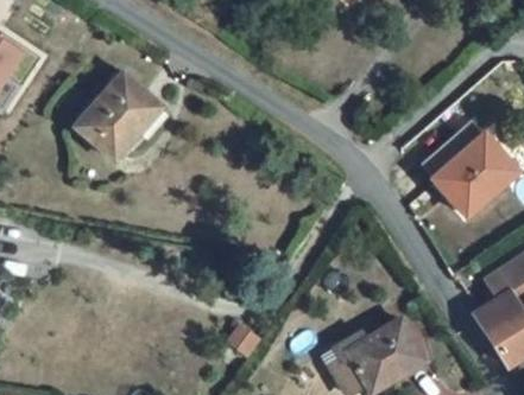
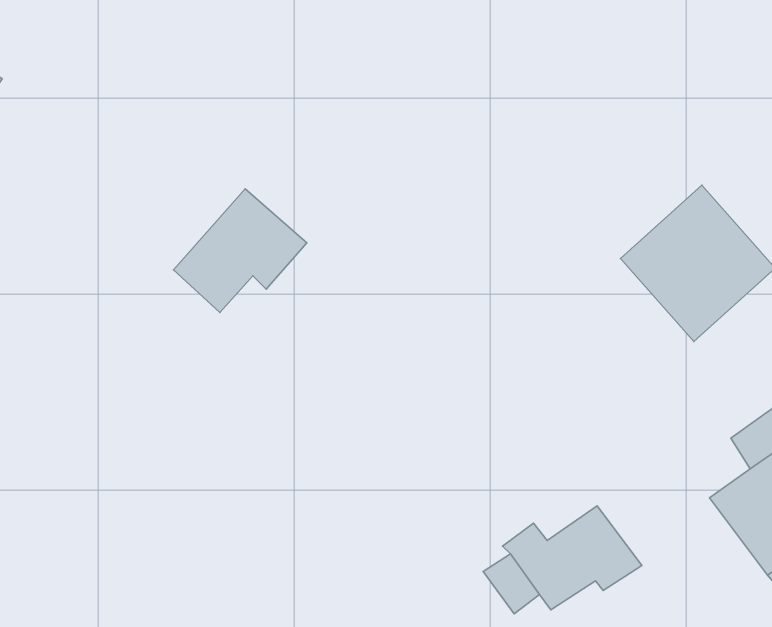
building: [75,71,157,147] -> [174,189,307,312]

